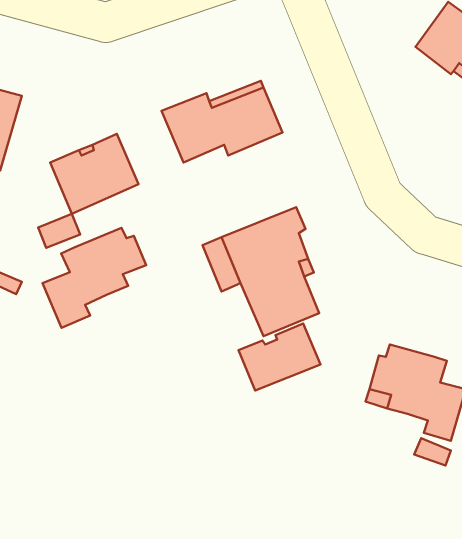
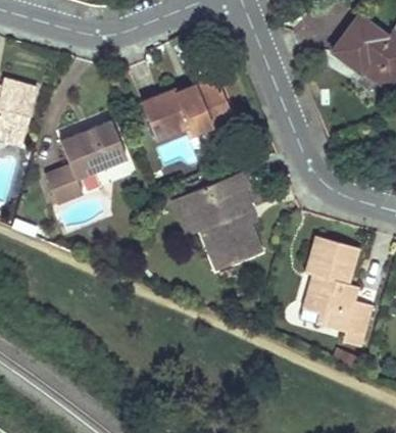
building: [42,228,146,328] -> none
building: none -> [303,236,359,285]
building: [239,324,321,390] -> none

